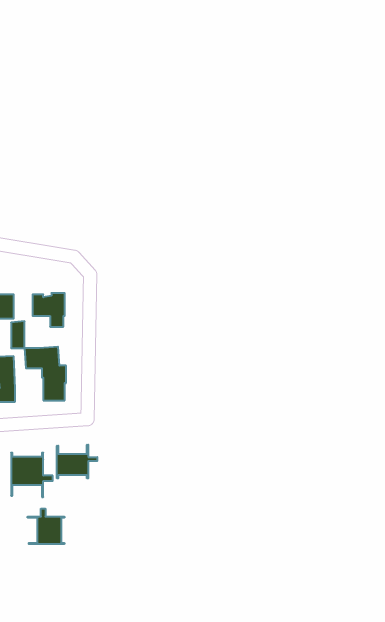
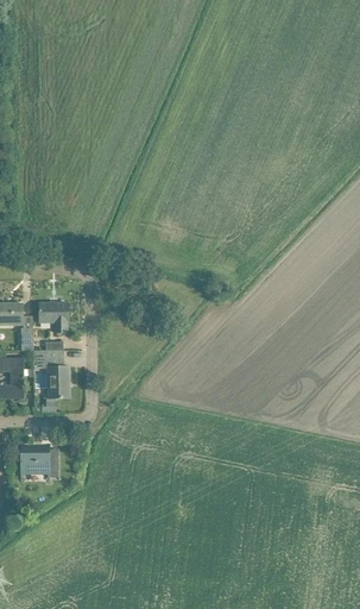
building: [57,445,97,478] -> none
building: [28,509,64,544] -> none

